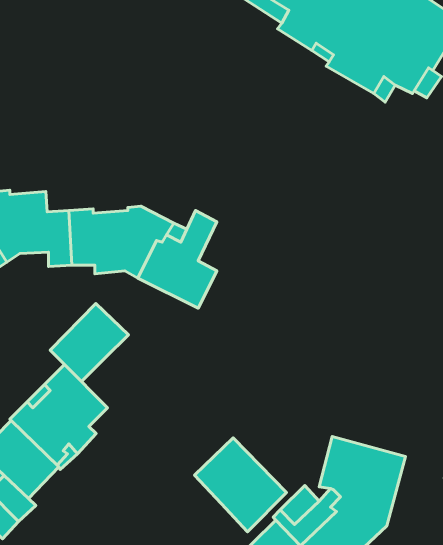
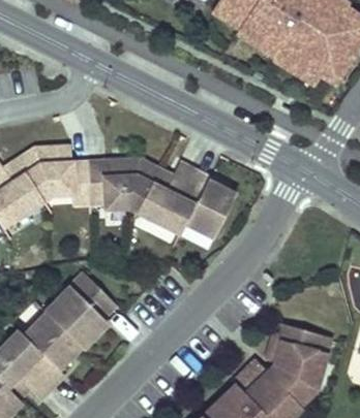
building: none -> [181,170,236,236]
building: [50,304,129,381] -> none
building: [194,438,287,532] -> none

